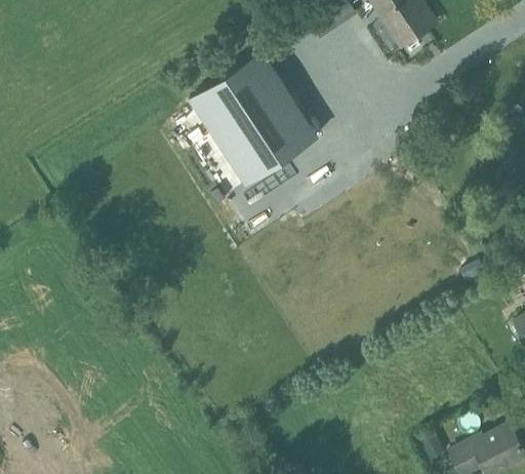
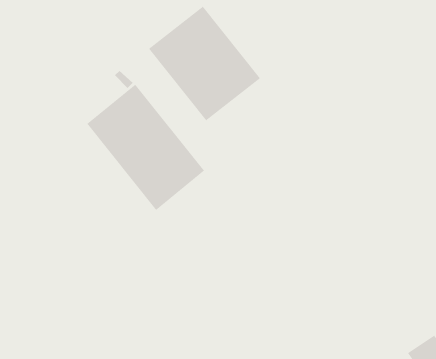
building: none -> [87,84,205,211]

